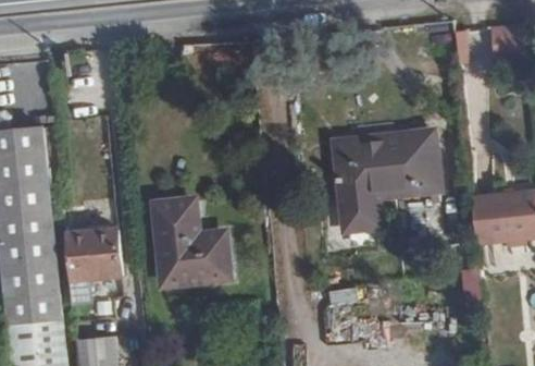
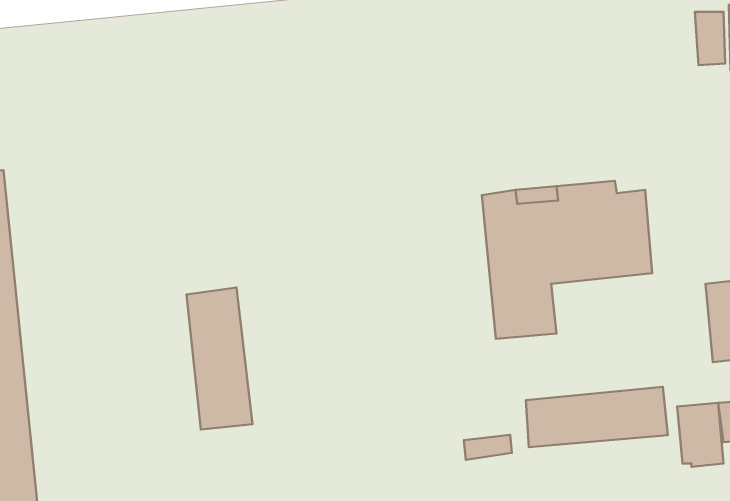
building: [184,197,229,282] -> none
building: [64,228,122,305] -> none
building: none -> [526,387,668,447]

